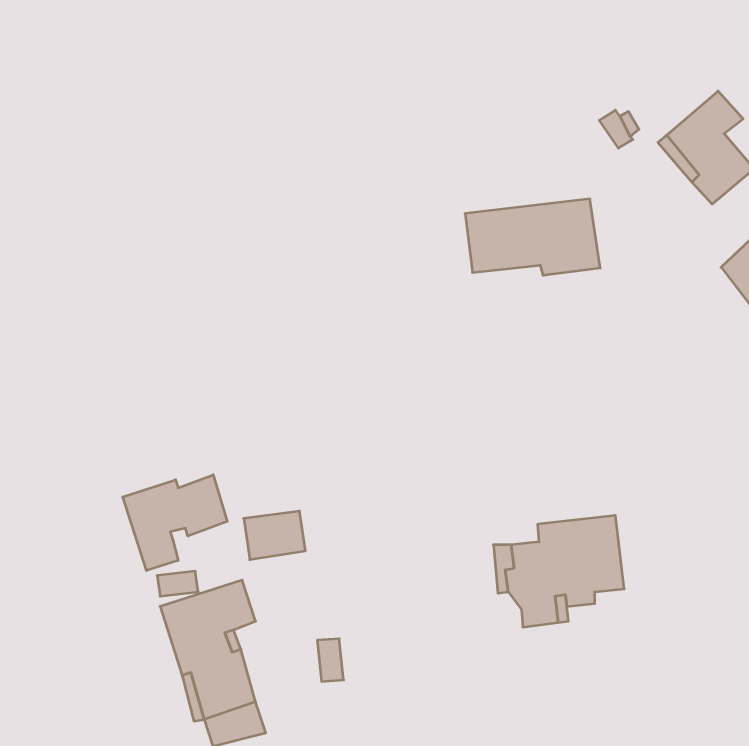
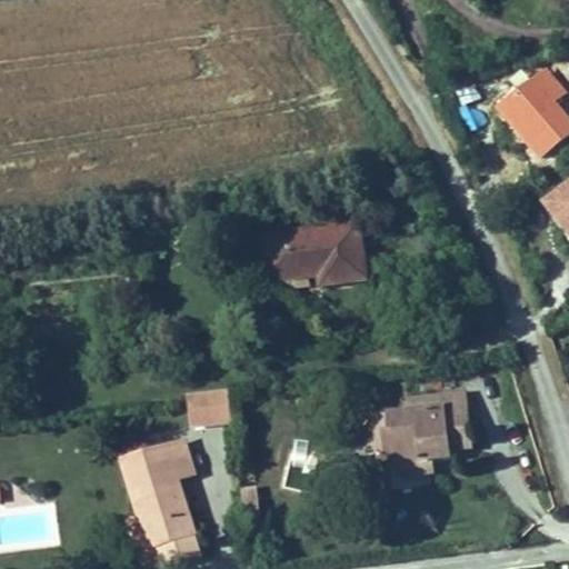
building: [465,199,600,275] -> [263,224,366,282]
building: [123,475,227,571] -> none

